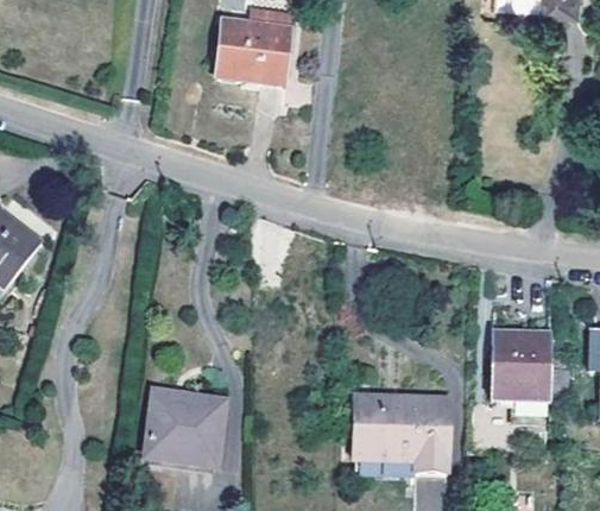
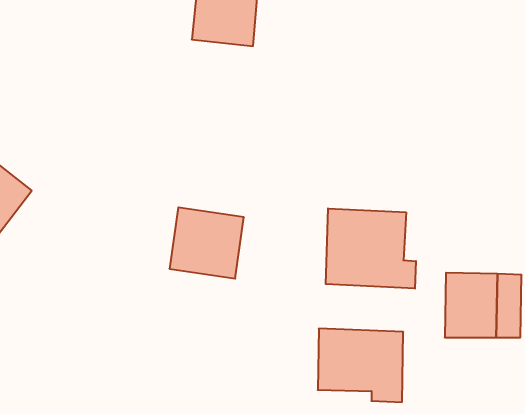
building: none -> [326,208,416,289]
building: [141,389,222,466] -> [169,207,244,279]

